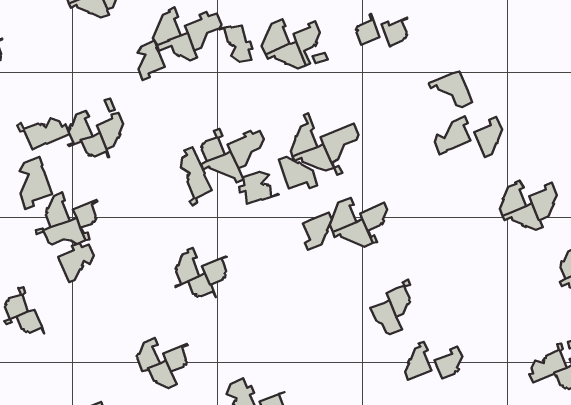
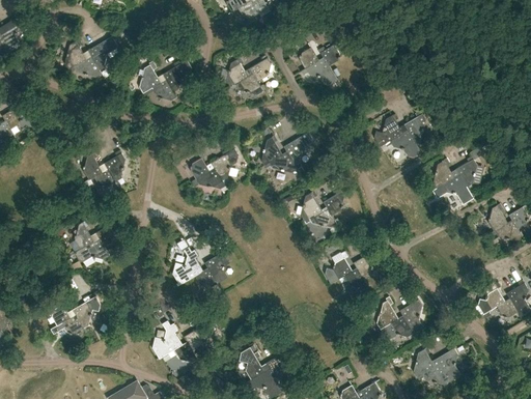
building: [219,26,252,62] -> none
building: none -> [300,58,336,86]
building: [138,41,165,80] -> none
building: [429,72,472,107] -> [384,131,420,159]
building: [17,118,69,149] -> none
building: [181,147,212,206] -> none
building: [279,157,317,189] -> none
building: [19,157,52,209] -> none
building: [239,172,279,204] -> none
building: [303,212,332,250] -> none
building: [58,243,94,282] -> [72,296,100,329]
building: none -> [324,252,352,284]
building: none -> [380,316,413,338]

